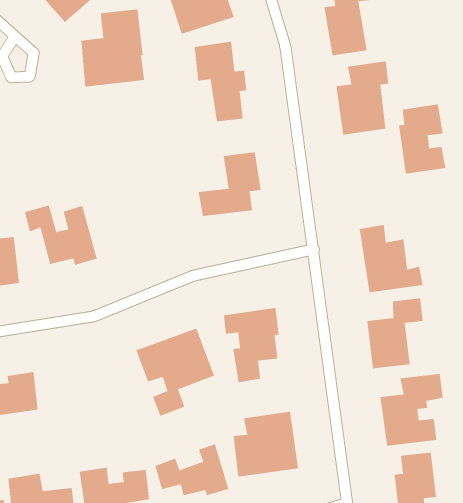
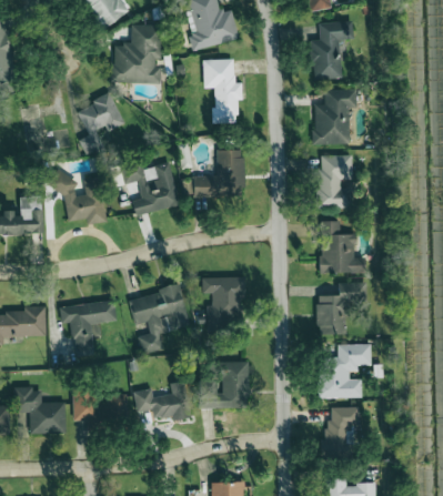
building: none -> [77,93,123,155]
building: [398,104,446,174] -> [316,154,352,207]
building: none -> [121,162,180,215]
building: none -> [60,300,117,353]

